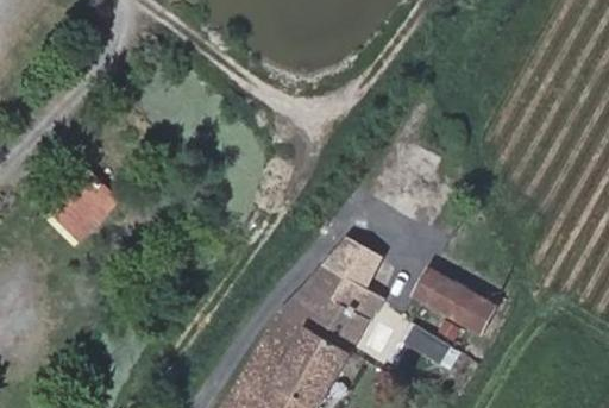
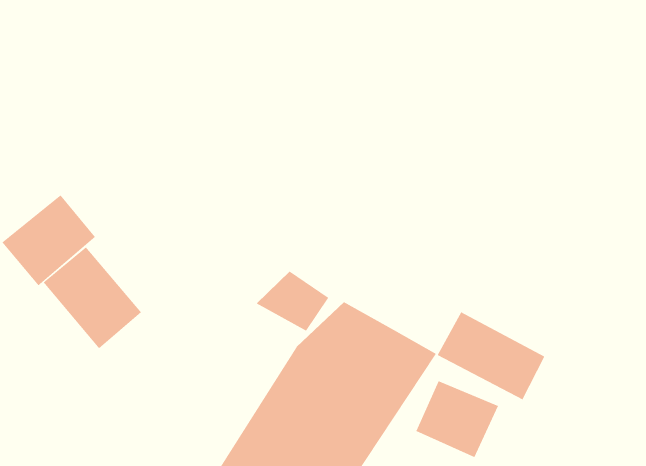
building: none -> [43,247,142,349]
building: [328,231,390,282] -> [256,271,329,331]

